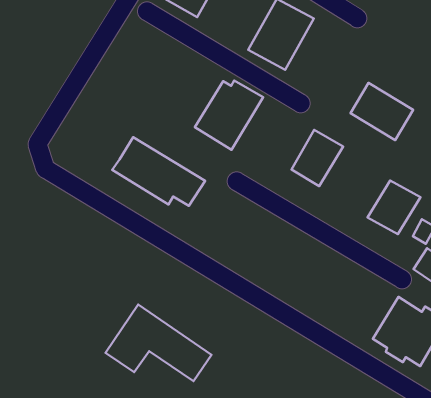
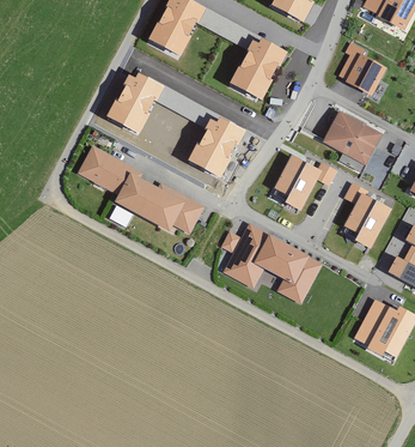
building: none -> [348,54,384,91]
building: none -> [105,71,164,132]
building: none -> [80,147,133,191]
building: [105,304,211,381] -> [225,224,318,289]

